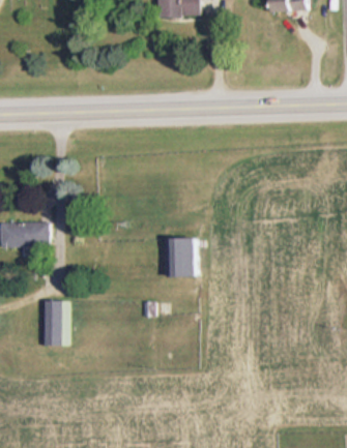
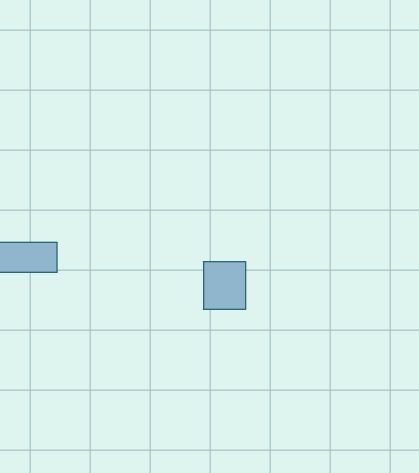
building: [38,301,64,346] -> none

